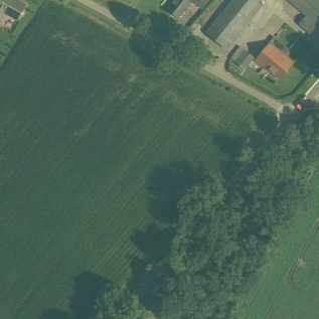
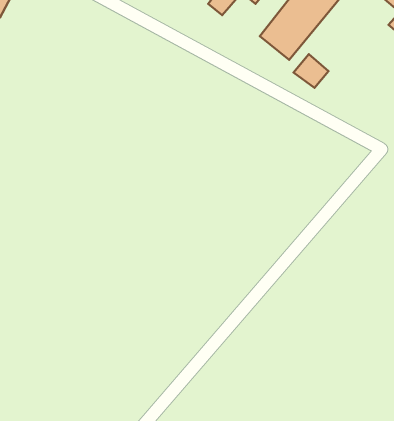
building: [255,36,292,78] -> none

